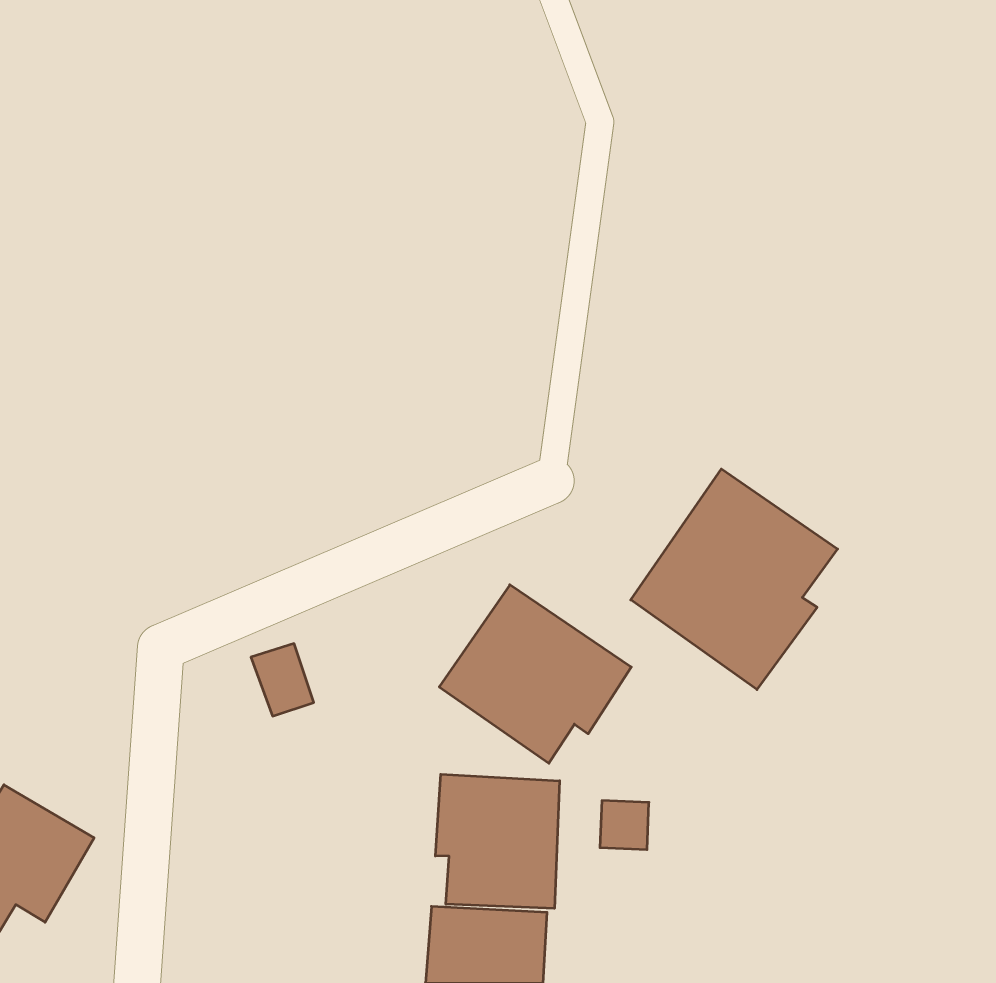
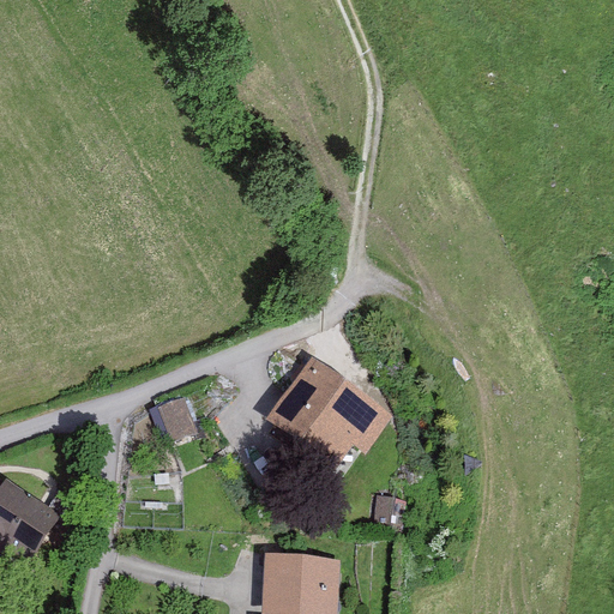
building: [631,469,838,690] -> none
building: [435,774,560,908] -> none

